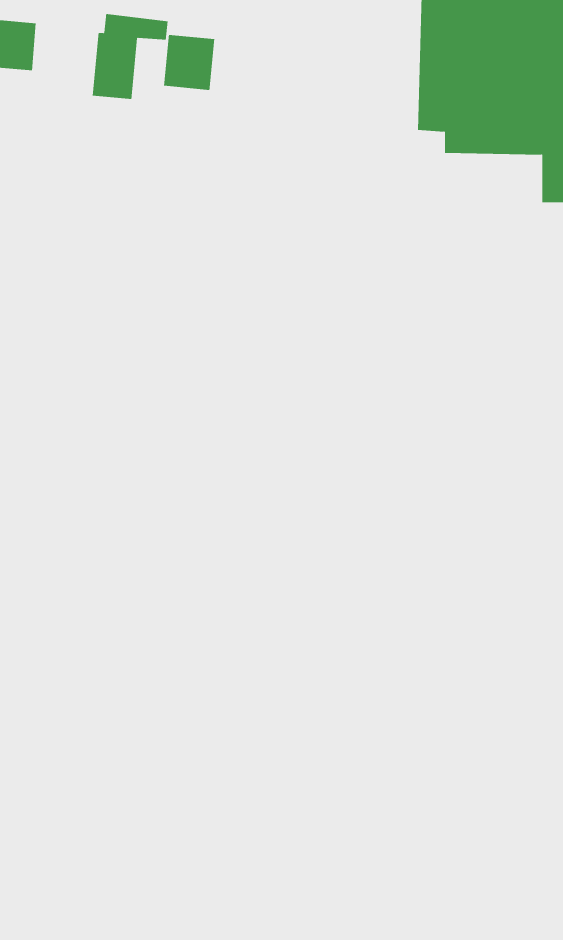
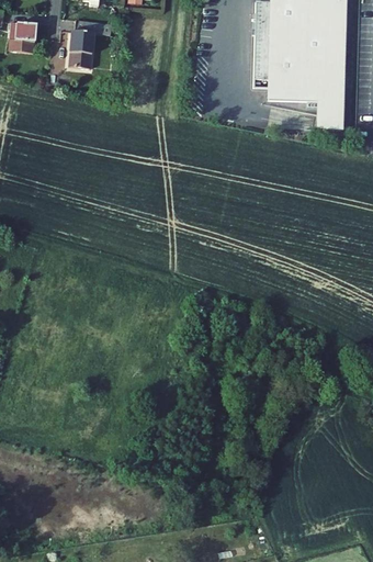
building: [164,34,215,91] -> none

